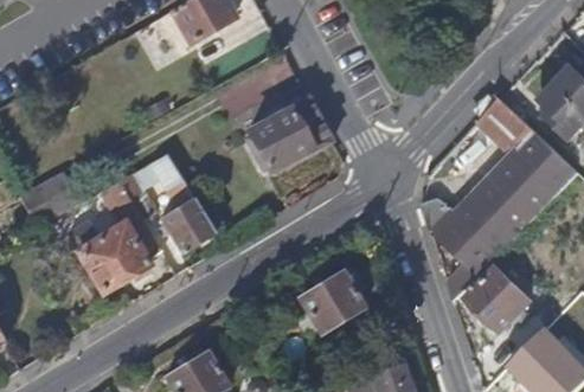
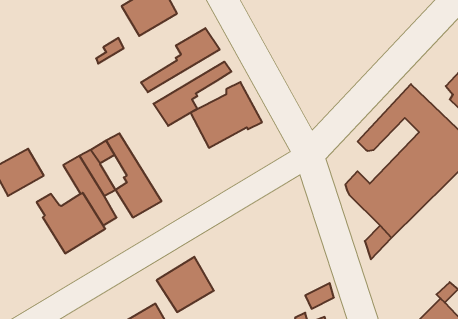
building: none -> [141,28,220,92]
building: none -> [153,62,231,126]
building: [469,264,534,332] -> none
building: [296,271,362,335] -> [157,257,214,312]

